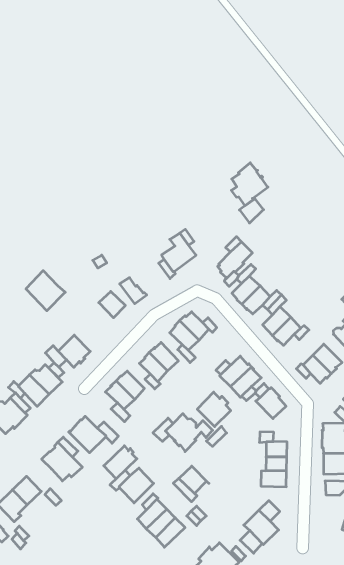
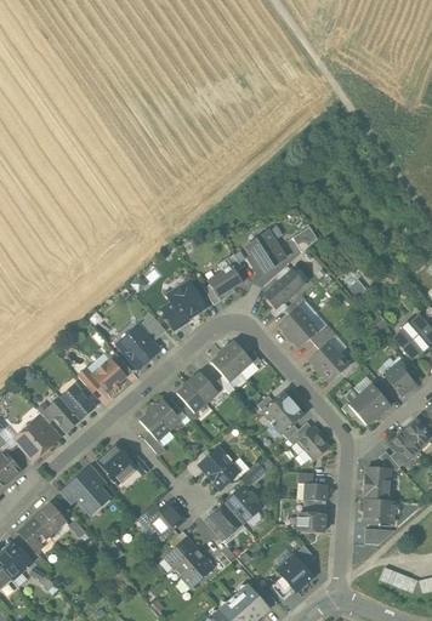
building: [231,163,268,206] -> [246,230,285,275]
building: none -> [169,281,206,318]
building: [26,271,65,311] -> [119,325,160,368]
building: [197,392,231,427] -> [226,486,261,523]
building: [104,446,137,479] -> none

